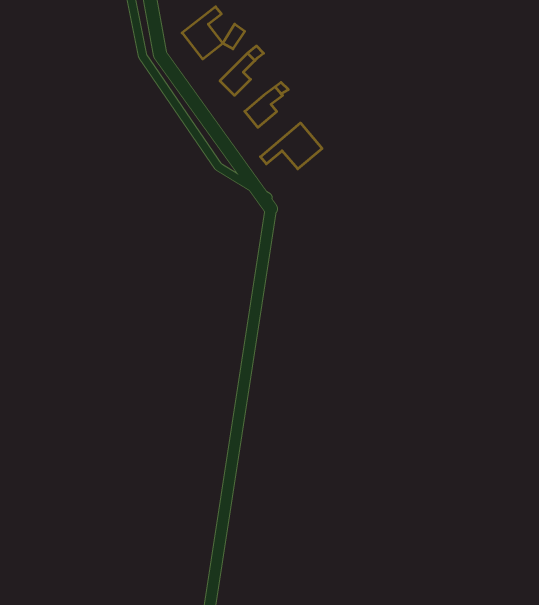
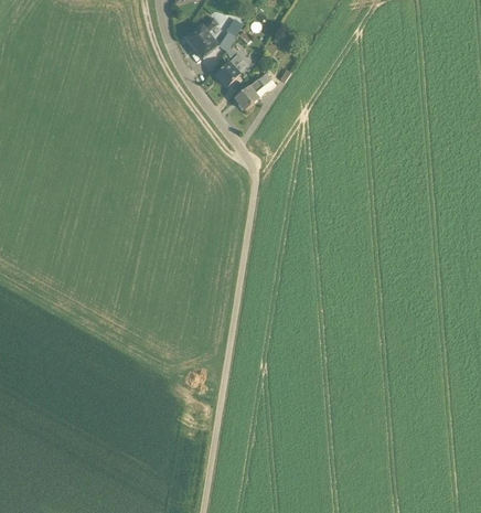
building: [260,123,322,169] -> none

